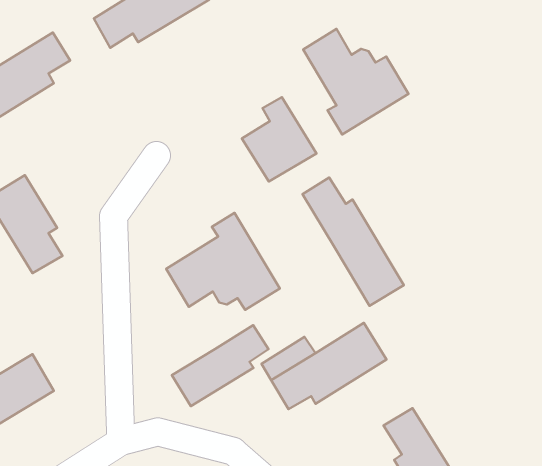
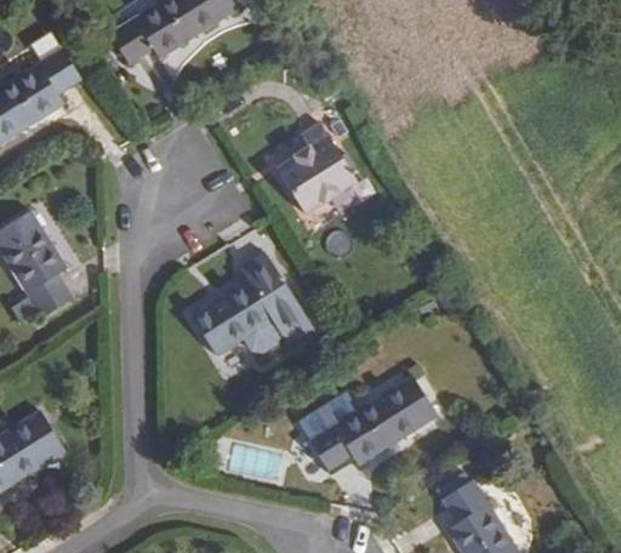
building: [303,29,408,135] -> none
building: [303,178,404,306] -> none
building: [172,325,269,406] -> none

